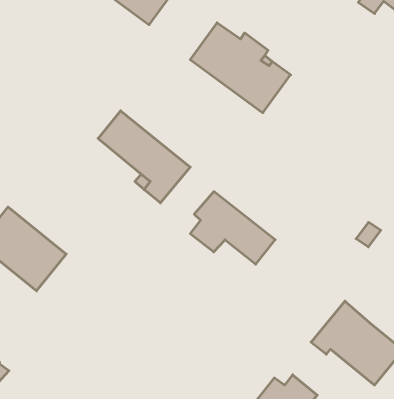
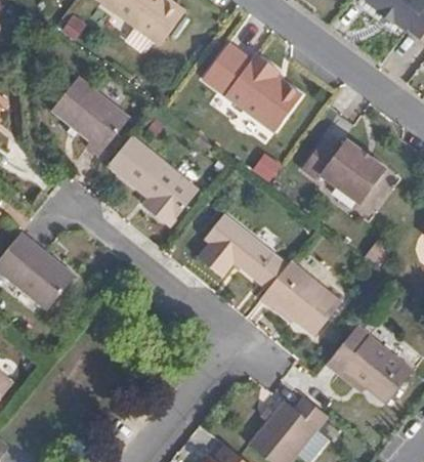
building: none -> [51,73,131,154]
building: none -> [301,138,386,205]
building: none -> [255,258,342,336]

